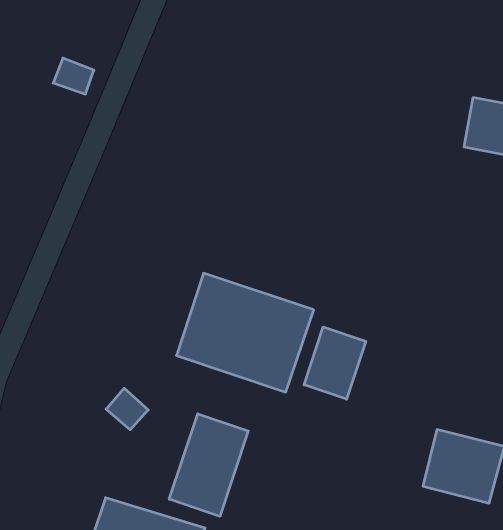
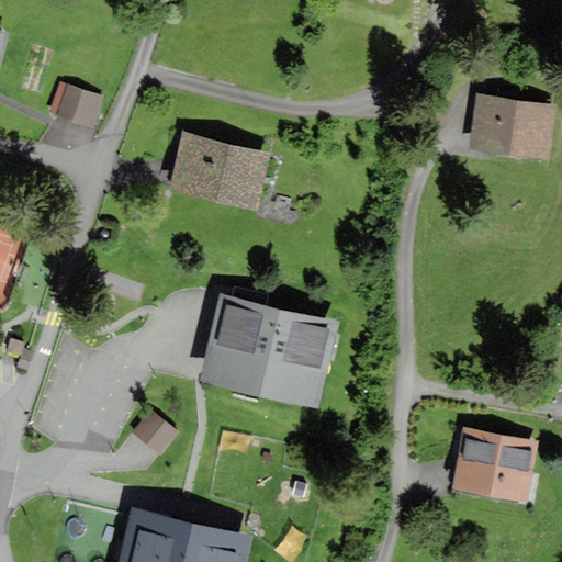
building: none -> [170,133,265,205]
building: [304,327,366,399] -> none
building: [169,414,248,516] -> none

